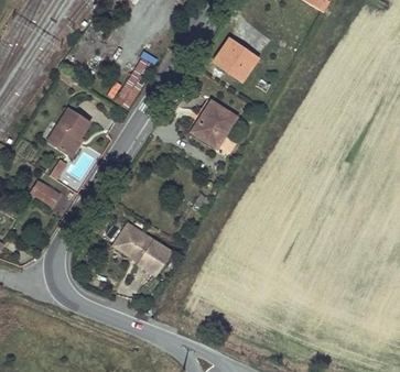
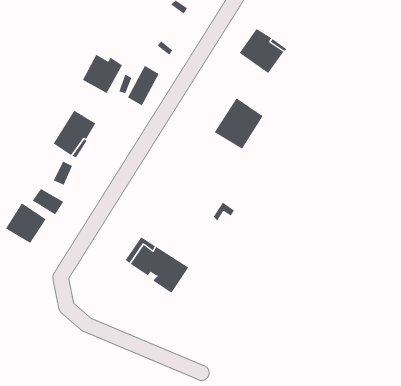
building: none -> [82,54,123,94]
building: none -> [5,203,46,244]

